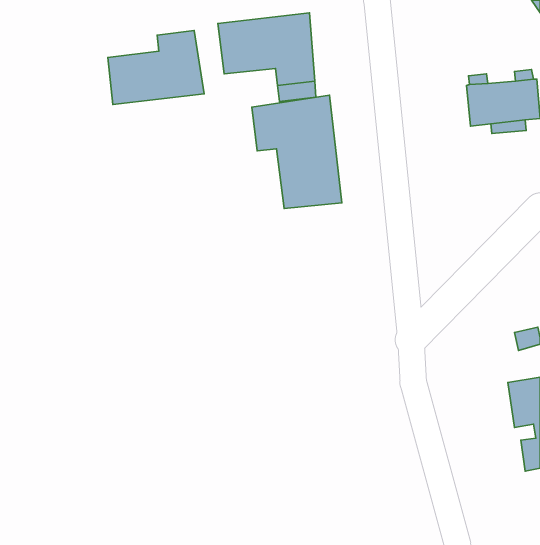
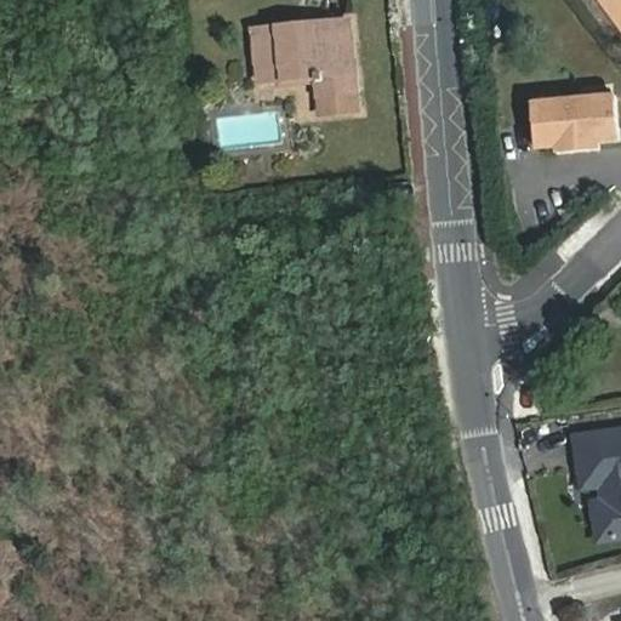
building: [108,31,204,104] -> none
building: [252,95,342,209] -> none

